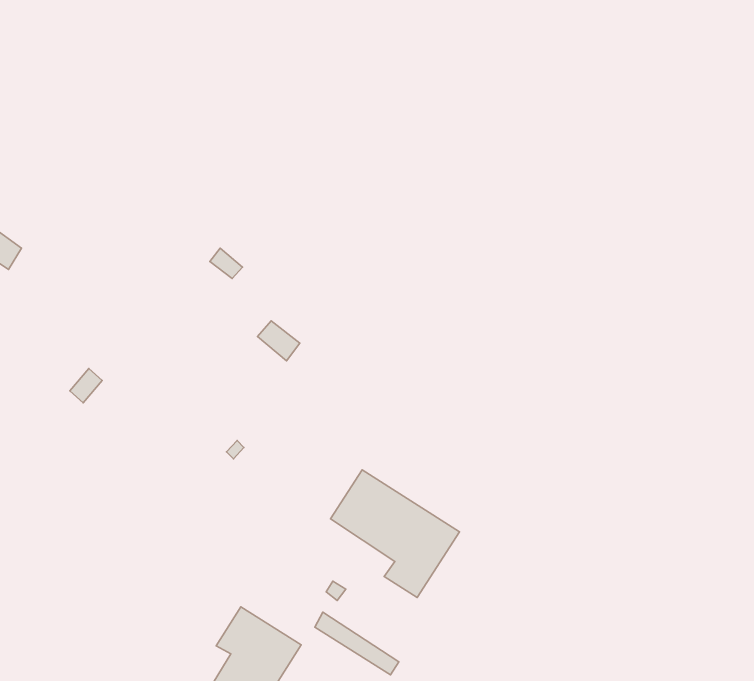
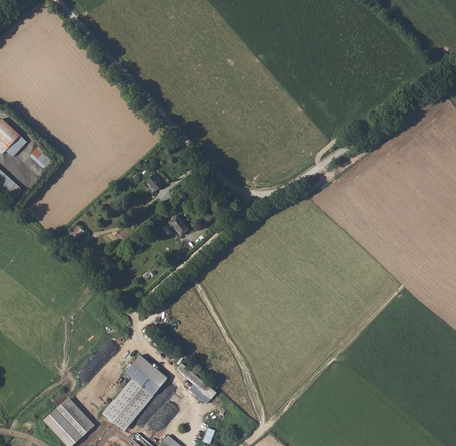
building: [330,470,459,598] -> none

